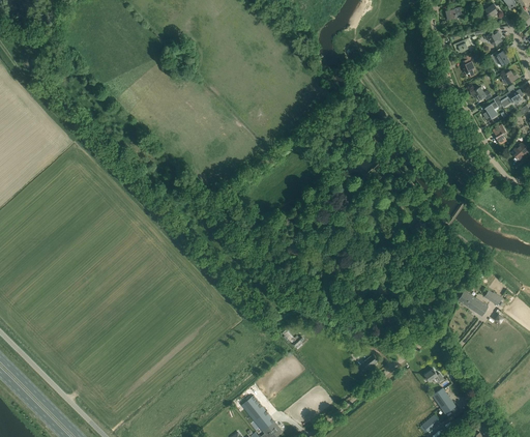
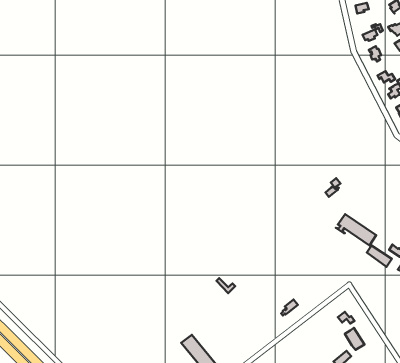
building: none -> [336,214,376,246]

